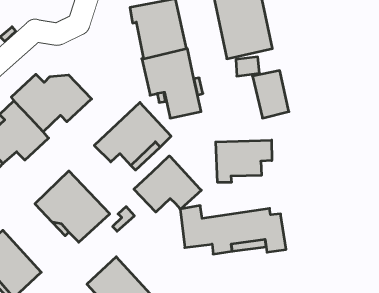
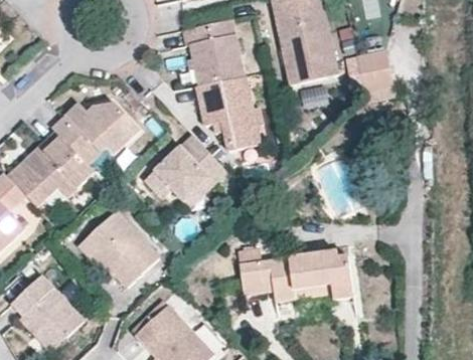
building: [252,71,289,118] -> [354,48,395,101]
building: [216,140,272,182] -> none
building: [134,156,201,212] -> none

